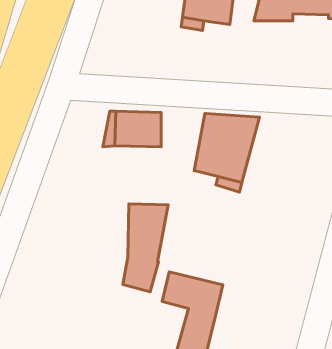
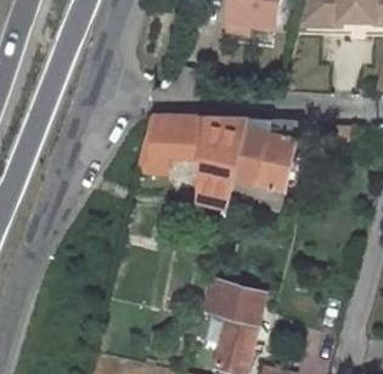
building: [123,204,168,292] -> [199,118,246,208]

